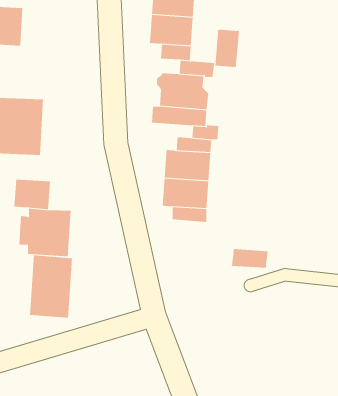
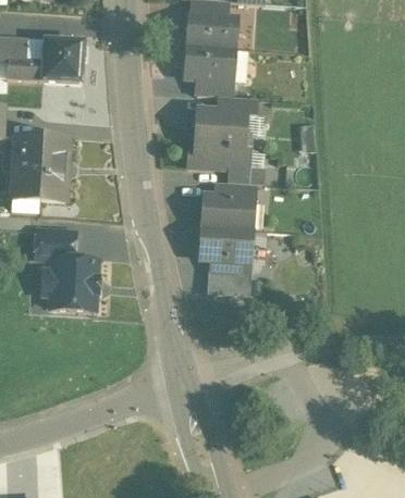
building: none -> [42,38,86,82]
building: [215,29,239,68] -> none
building: [231,248,269,268] -> [207,272,248,294]
building: [29,254,73,319] -> none

